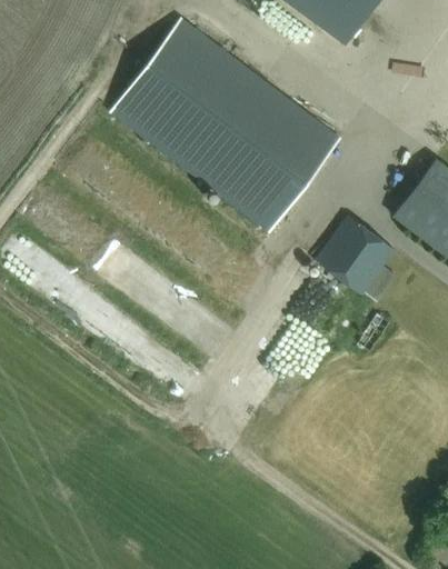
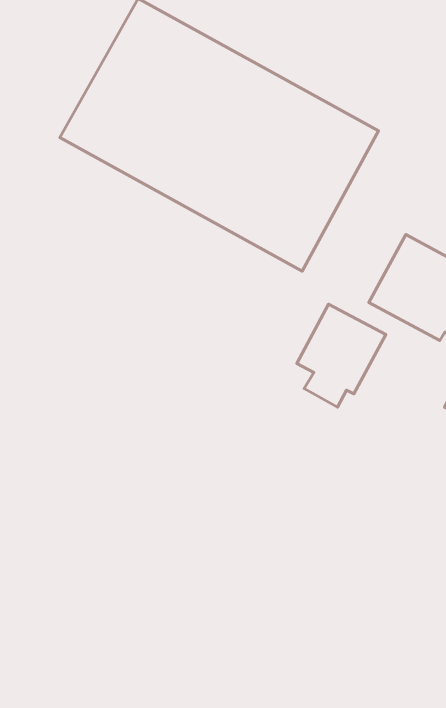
building: none -> [297,304,386,407]

